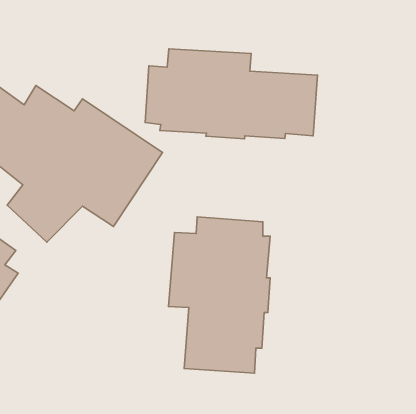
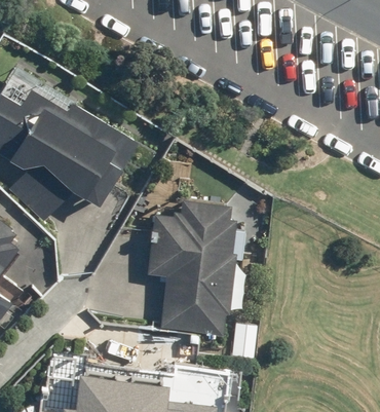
building: [145,49,318,139] -> none

